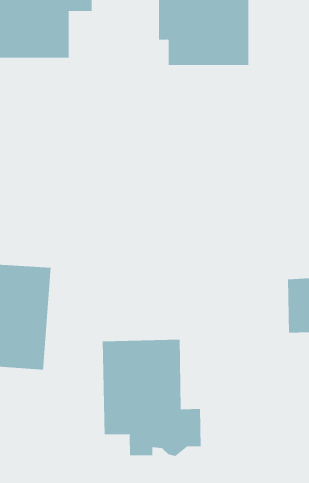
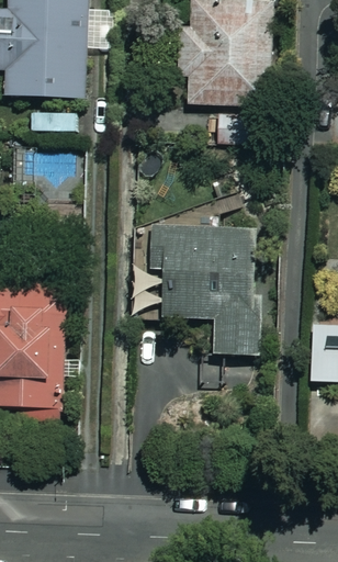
building: none -> [151,225,260,353]
building: [102,339,201,457] -> none

